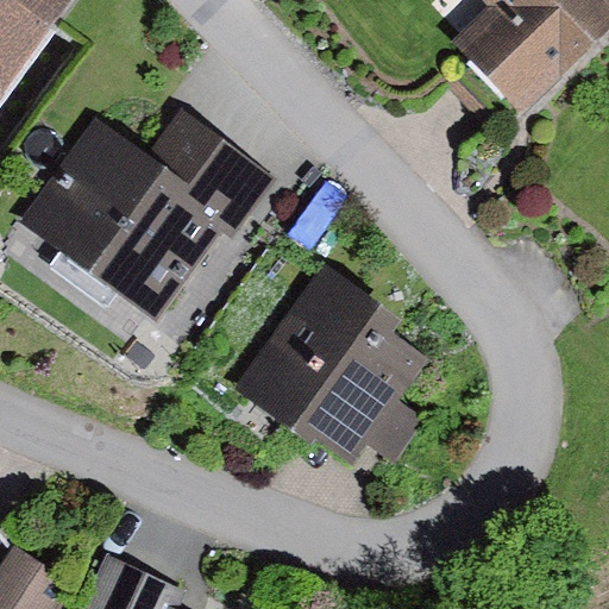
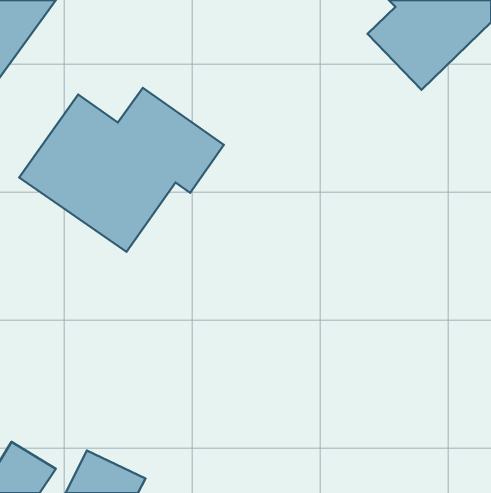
building: [232,264,427,465] -> none

